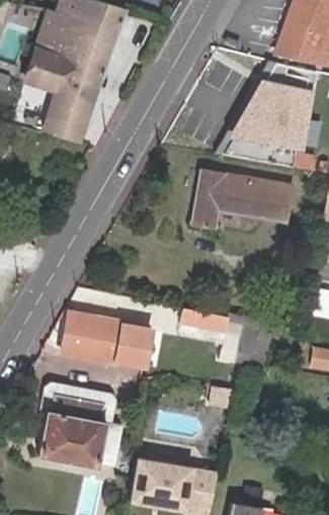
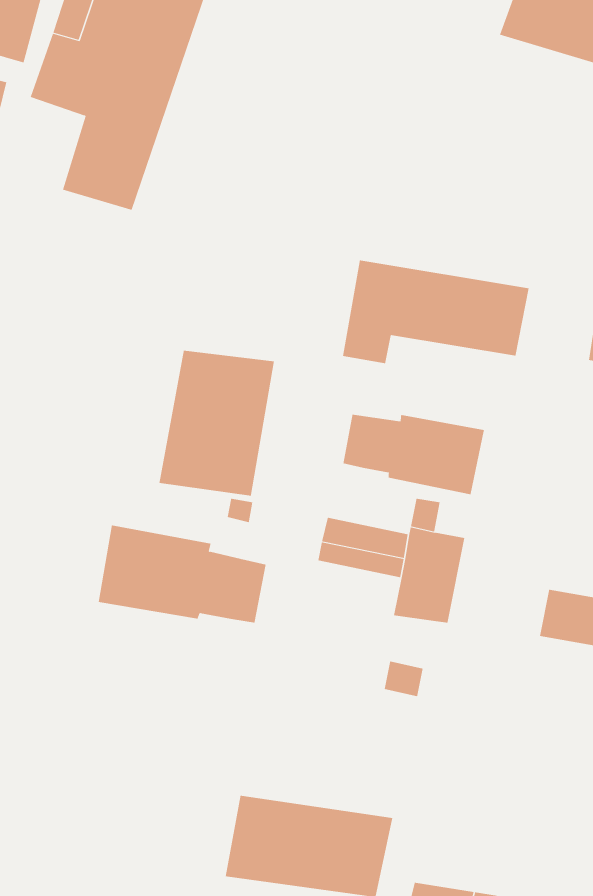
building: [216,61,317,166] -> none
building: none -> [159,350,274,497]
building: none -> [343,414,484,495]
building: [38,393,107,467] -> none

